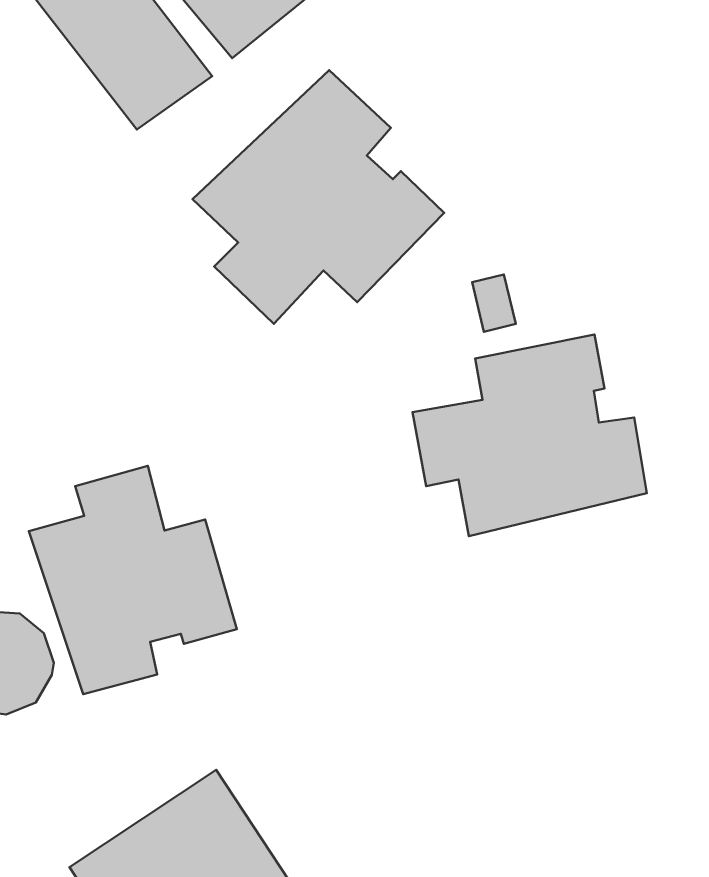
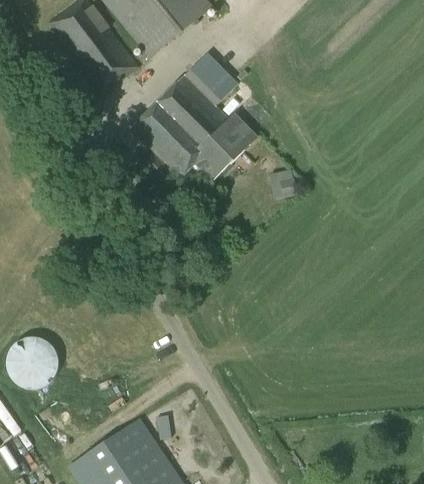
building: [412,335,647,536] -> none
building: [29,466,237,694] -> none

